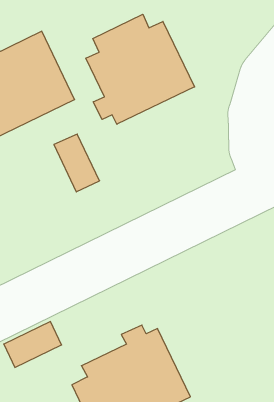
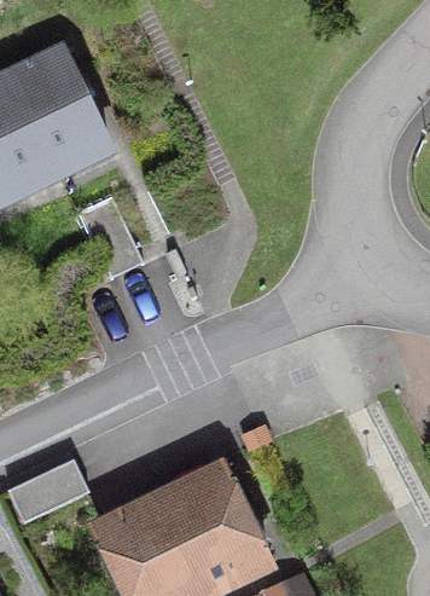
building: [86,14,195,124] -> none

